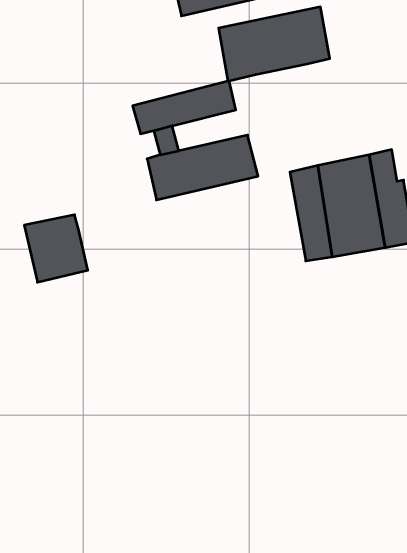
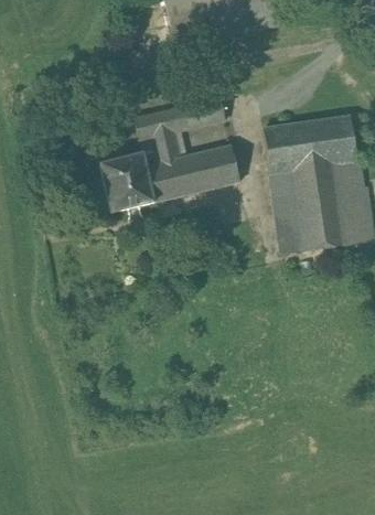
building: [219,7,330,81] -> [261,116,354,178]
building: [24,215,88,282] -> [105,154,158,211]

